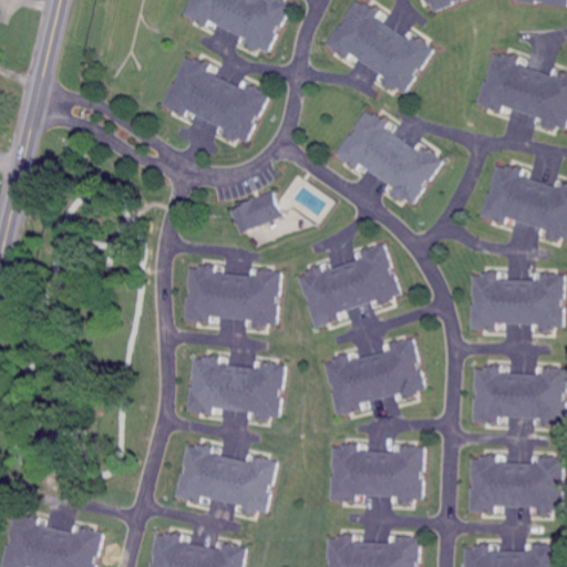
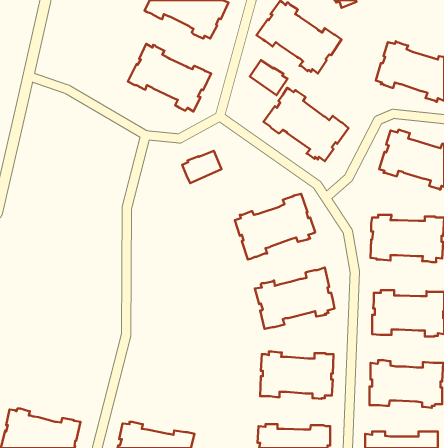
building: none -> [250,60,287,95]
building: [184,266,280,328] -> none
building: [186,357,284,421] -> none
building: [174,444,277,516] -> none

